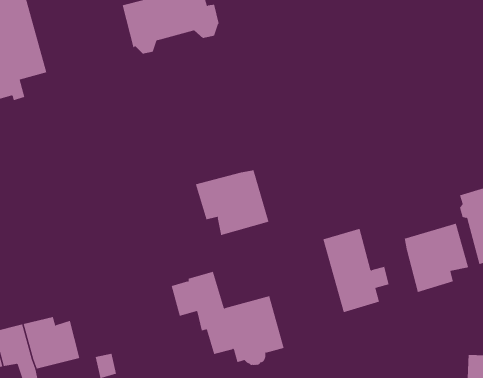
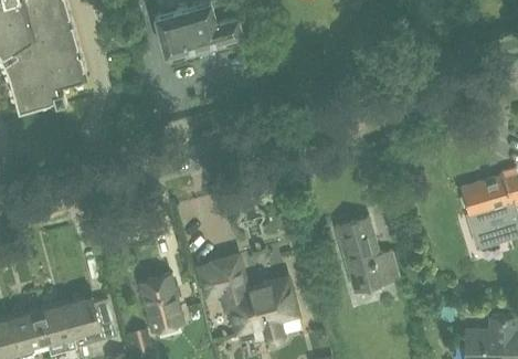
building: [195,169,269,236] -> none
building: [404,223,469,293] -> none
building: none -> [138,276,182,332]

